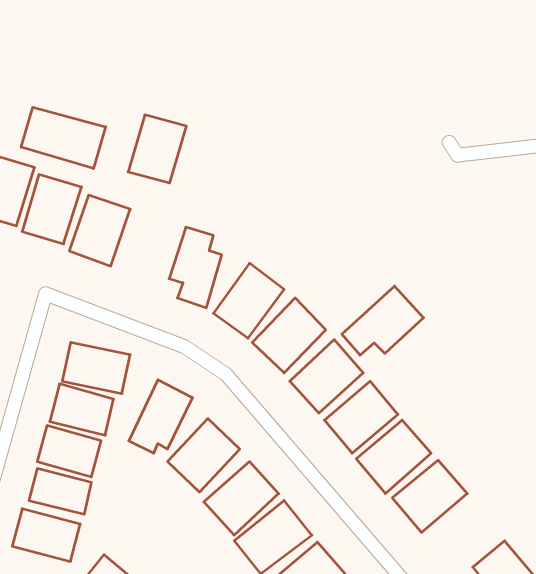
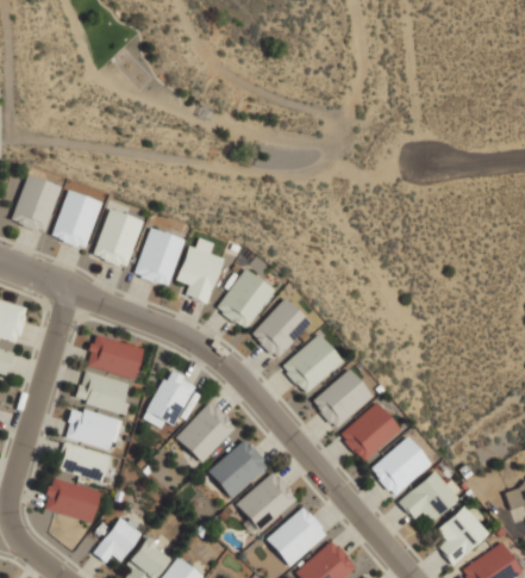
building: [21,107,106,169] -> none
building: [128,115,186,183] -> [135,229,185,287]
building: [342,286,424,355] -> none
building: none -> [399,470,462,523]

